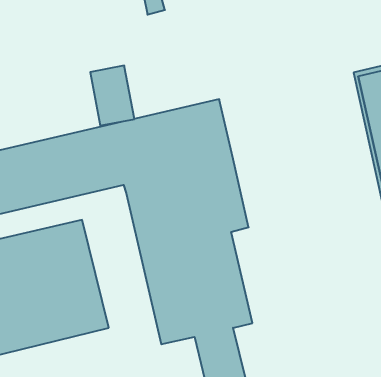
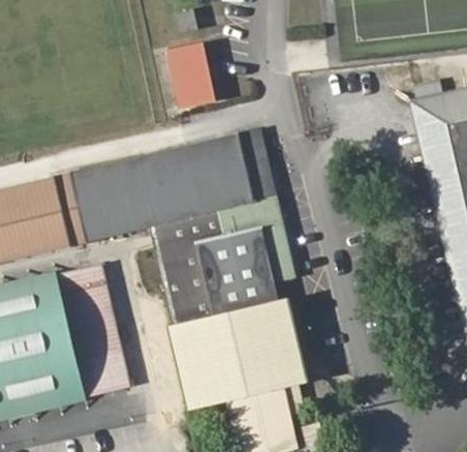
building: [90,66,134,125] -> [167,38,217,106]

